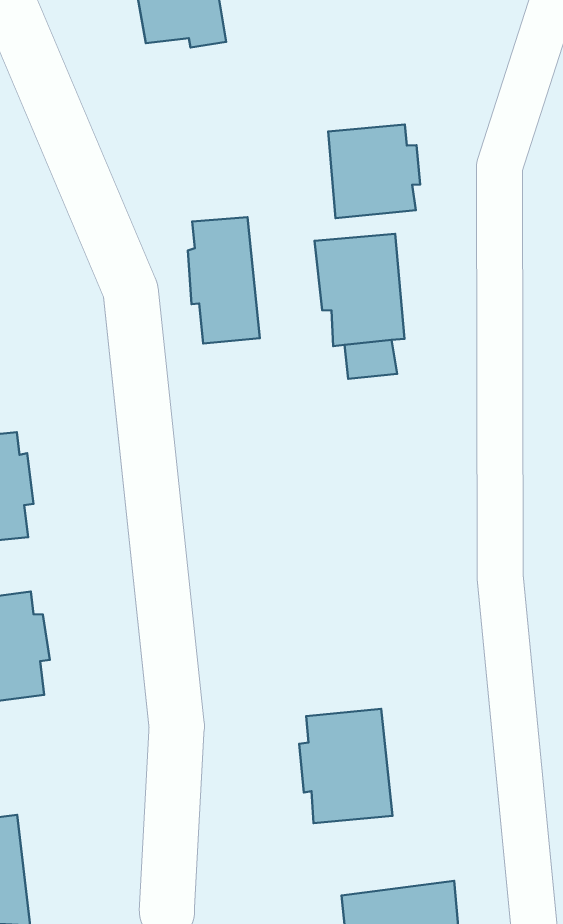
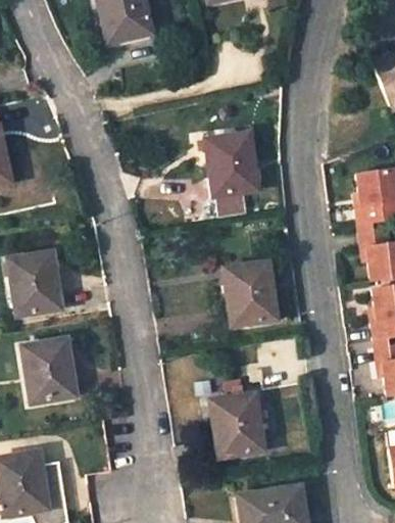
building: [328,124,420,218] -> none
building: [188,217,260,343] -> none
building: none -> [226,262,278,325]

